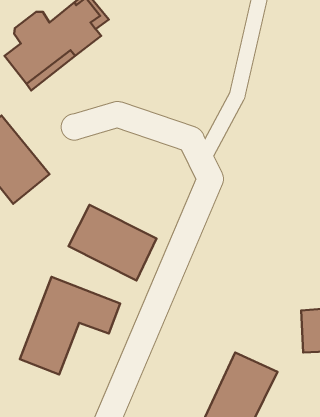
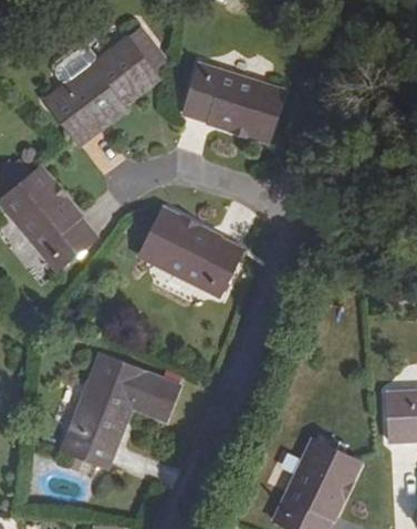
building: none -> [183,64,282,142]
building: [68,205,157,281] -> [139,208,241,295]

